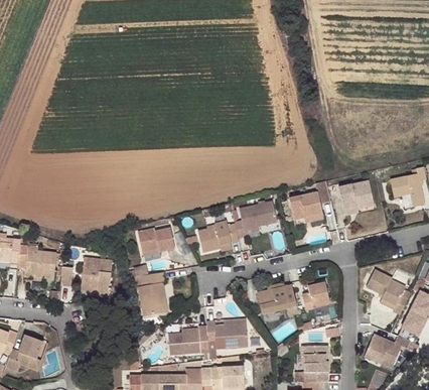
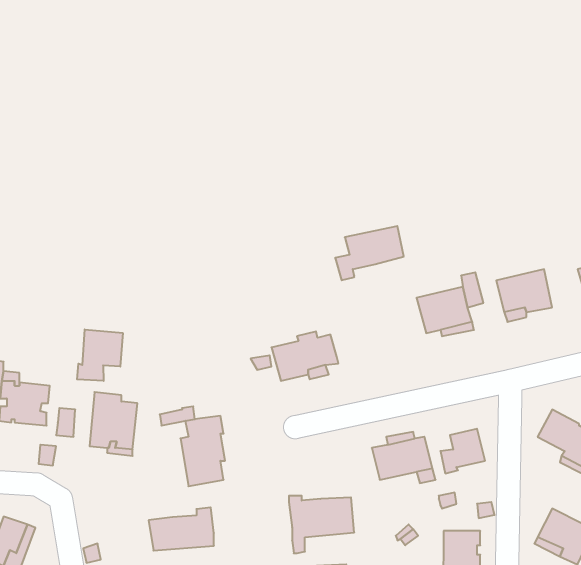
building: [233,202,276,236] -> [335,226,404,280]
building: none -> [77,329,123,381]
building: [137,229,173,253] -> none
building: [167,328,208,355] -> [149,507,214,551]

